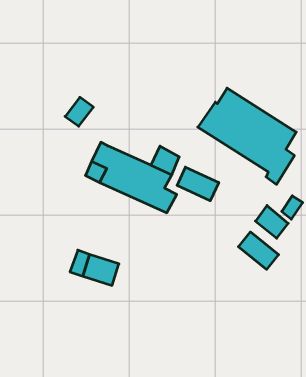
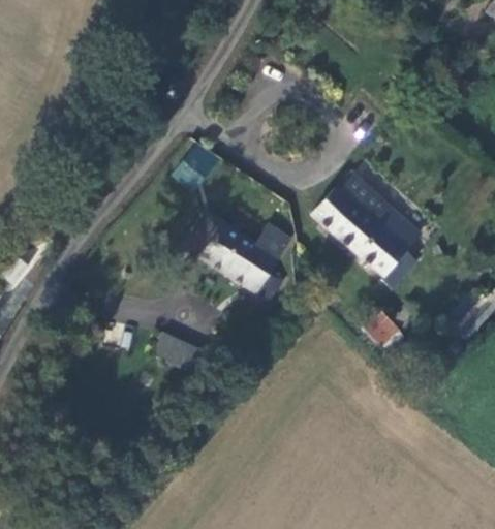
building: [177,167,219,201] -> none
building: [238,232,279,269] -> none

